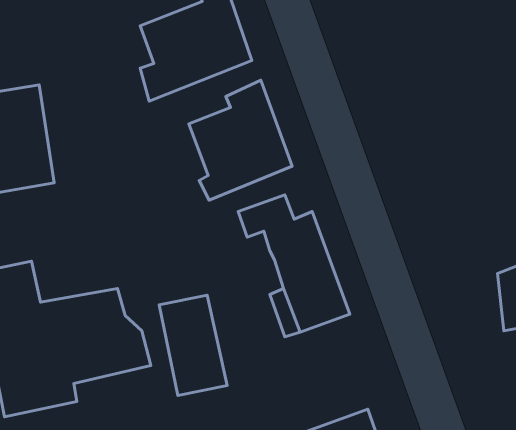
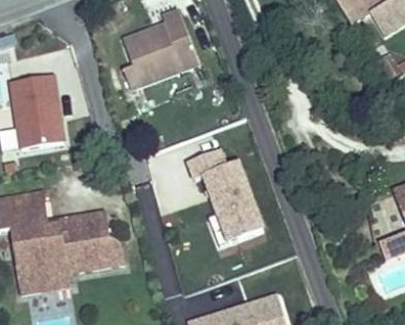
building: [189,80,292,200] -> none
building: [159,295,227,396] -> none

